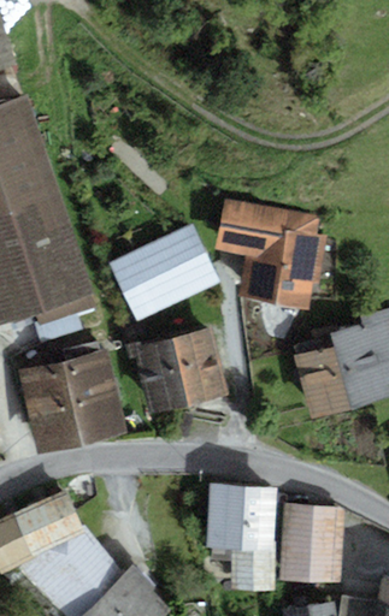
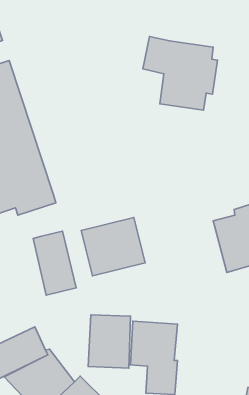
building: [216,200,326,309] -> [143,37,217,110]
building: [110,224,219,321] -> none
building: [295,346,350,421] -> none
building: [18,360,82,455] -> none
building: [281,504,343,584] -> [88,315,130,368]

